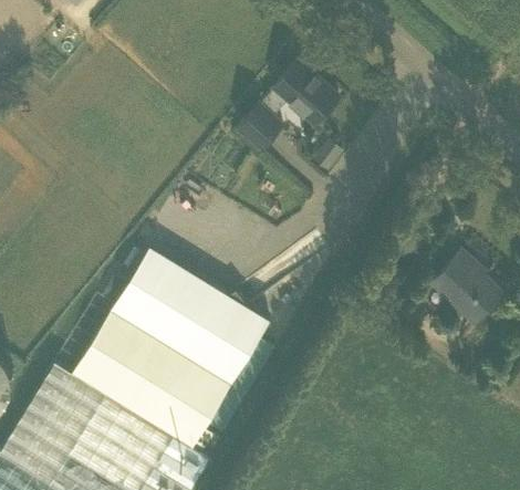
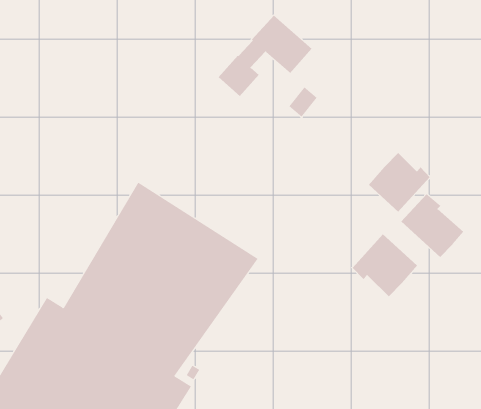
building: none -> [368,152,431,212]
building: none -> [352,234,418,297]

